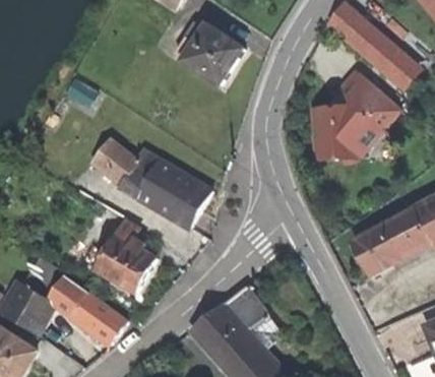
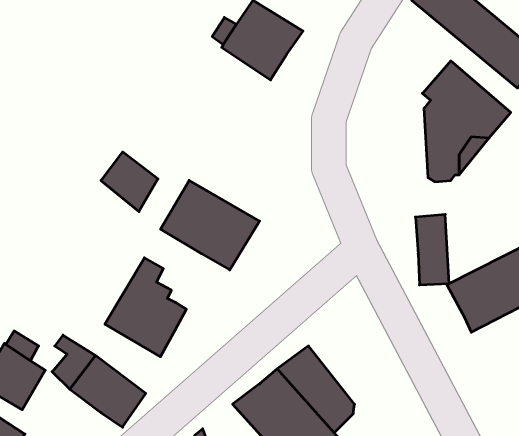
building: [311,106,336,159] -> [415,214,449,285]
building: [118,148,158,196] -> none

